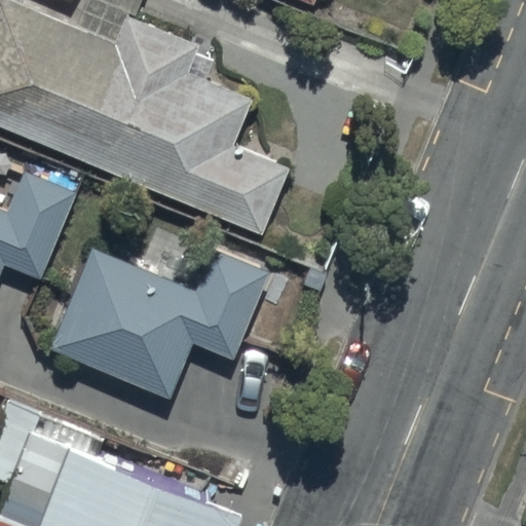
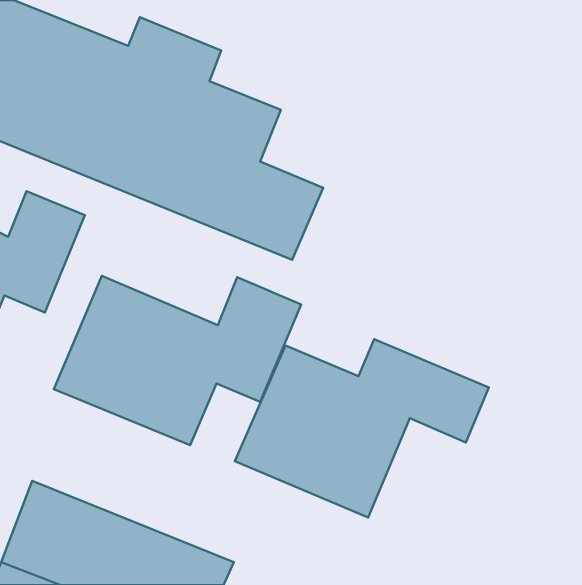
building: none -> [235,339,489,517]

